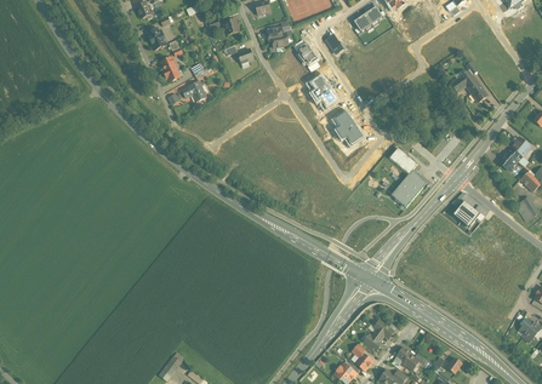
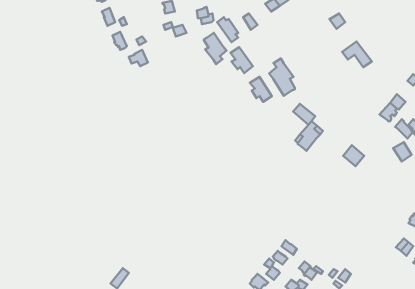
building: none -> [204,33,226,64]
building: none -> [269,58,295,96]

